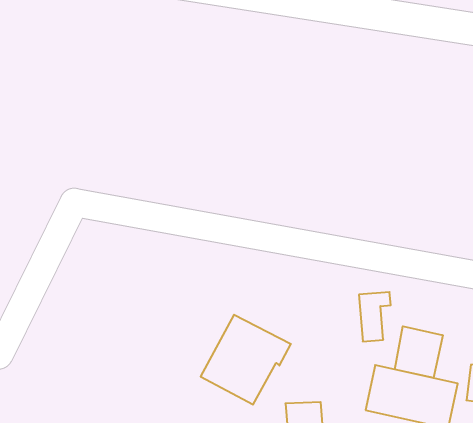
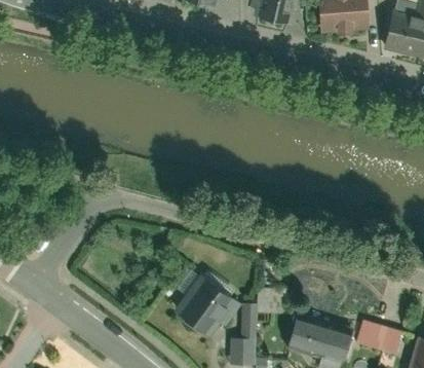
building: [359,292,391,341] -> [242,300,264,333]
building: [395,326,443,378] -> none

